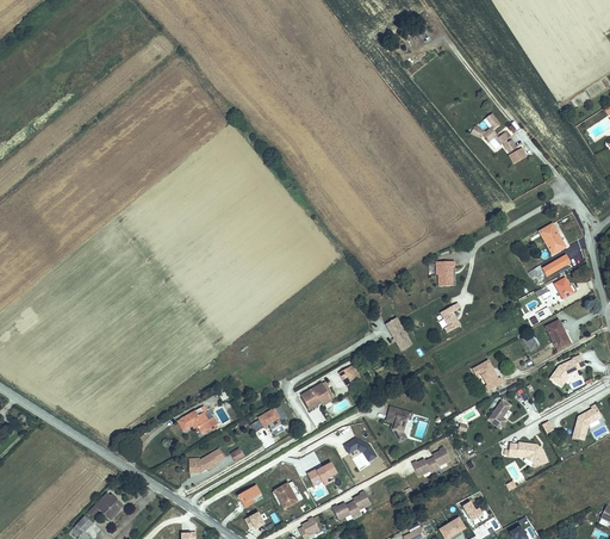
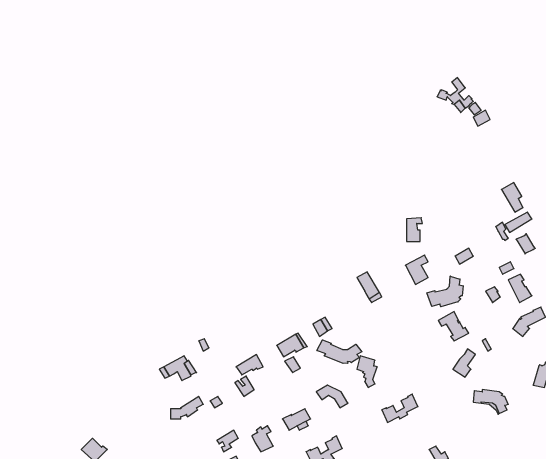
building: none -> [427,276,463,307]
building: none -> [317,340,362,363]

